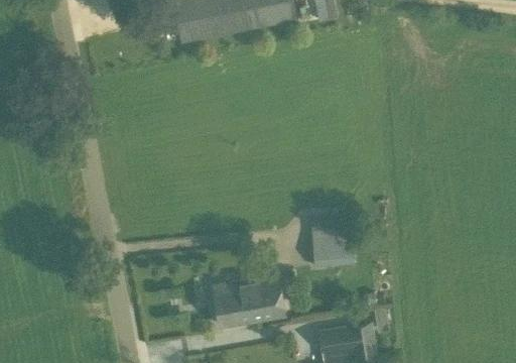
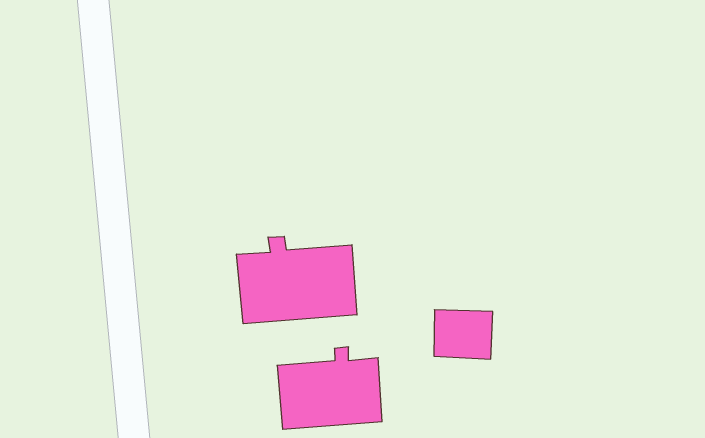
building: none -> [237,236,357,324]

